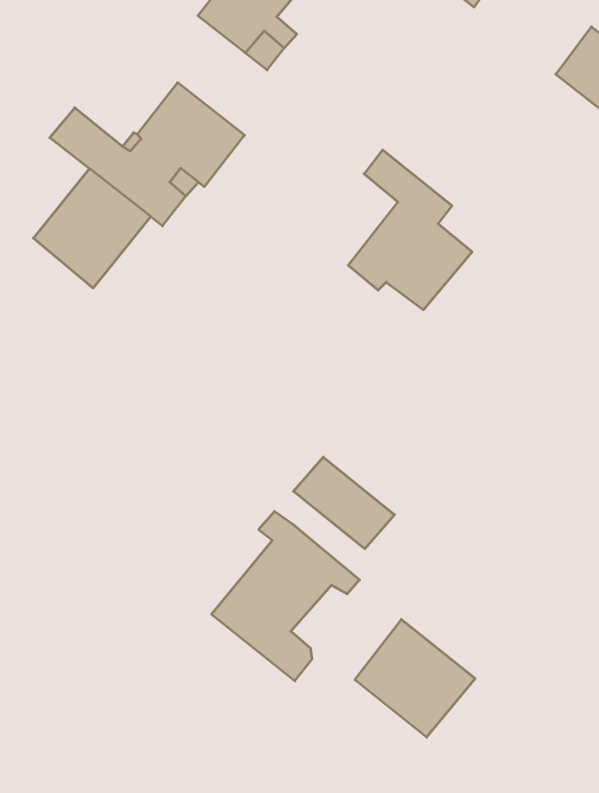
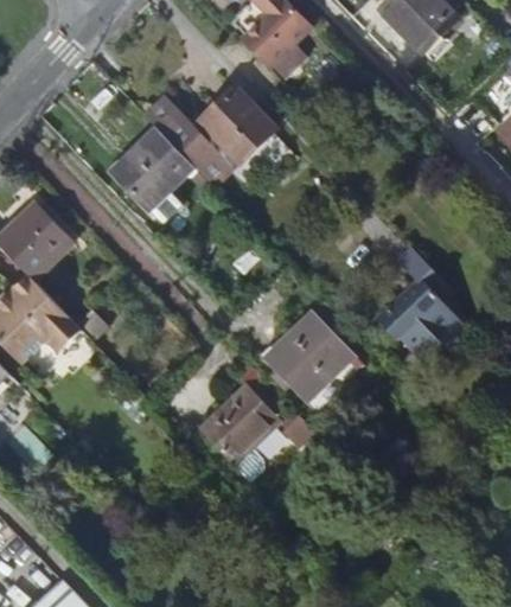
building: [348,150,472,310] -> [378,245,461,354]
building: none -> [290,317,358,384]
building: [355,619,475,737] -> none

